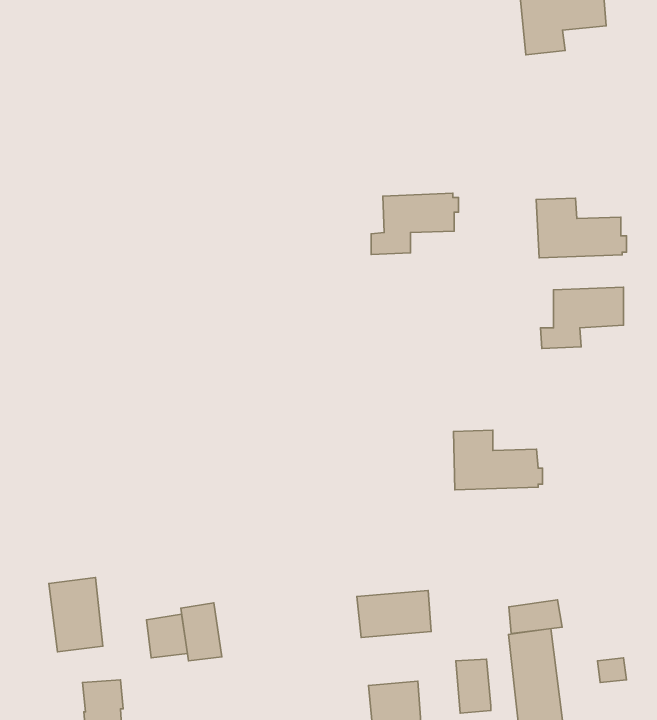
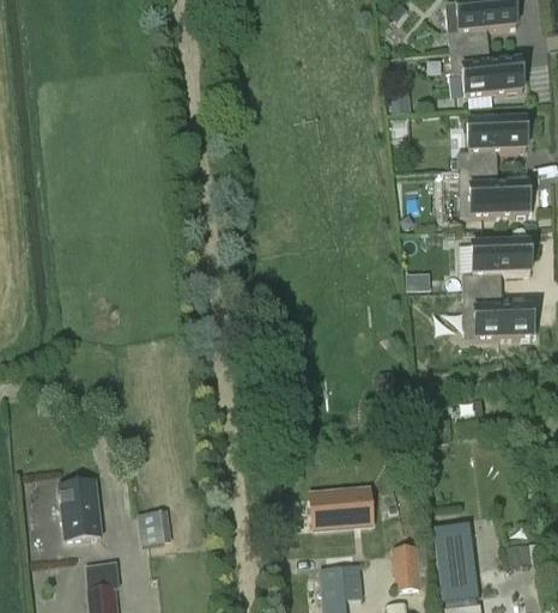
building: none -> [449,47,522,97]
building: [371,193,459,254] -> [457,119,529,169]
building: [453,430,542,490] -> [462,290,535,339]
building: [509,600,562,634] -> none
building: [181,603,222,661] -> none

